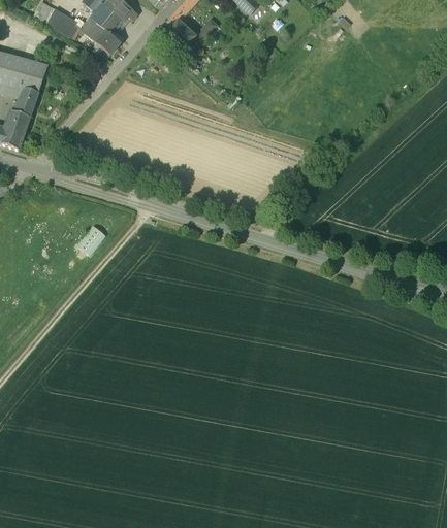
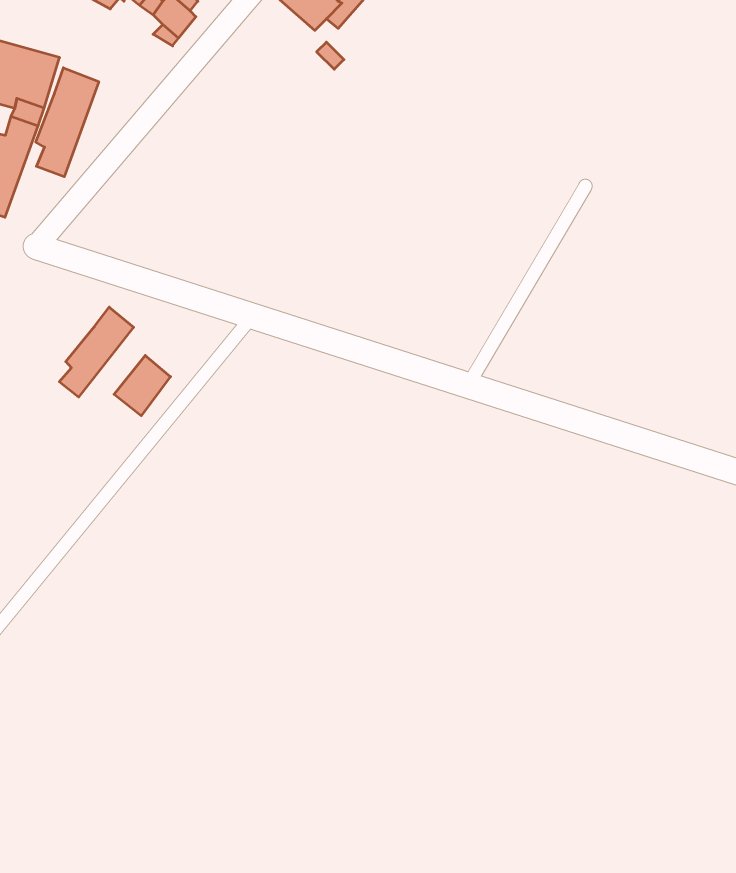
building: none -> [36,68,99,177]
building: none -> [59,307,134,397]

